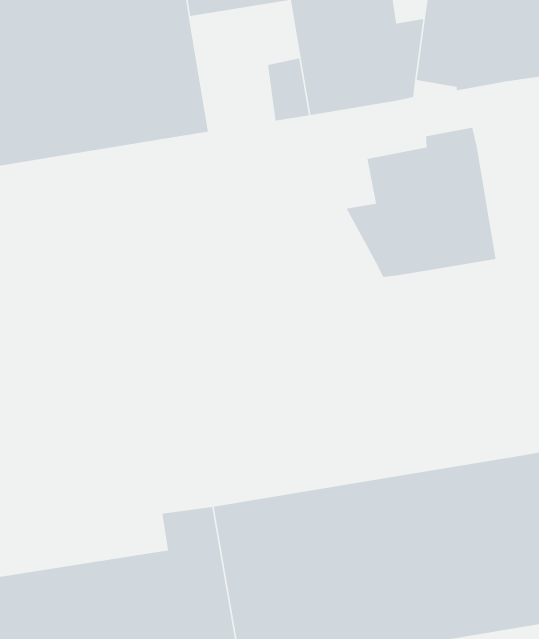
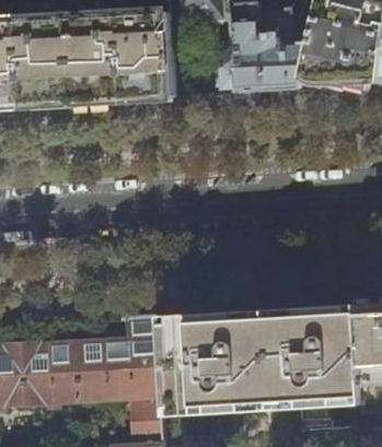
building: [345,127,496,278] -> none

